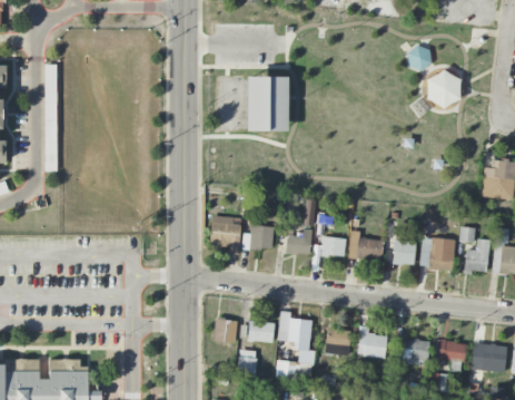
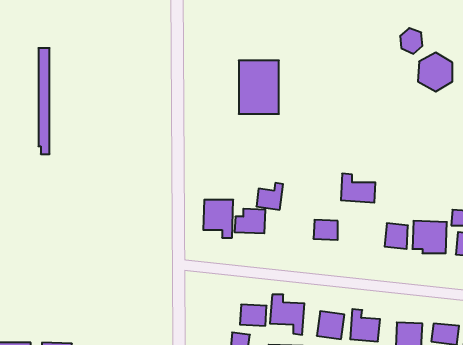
building: [285,228,311,255] -> [256,183,283,210]
building: [348,230,383,258] -> [341,174,375,203]
building: [214,319,236,341] -> none

